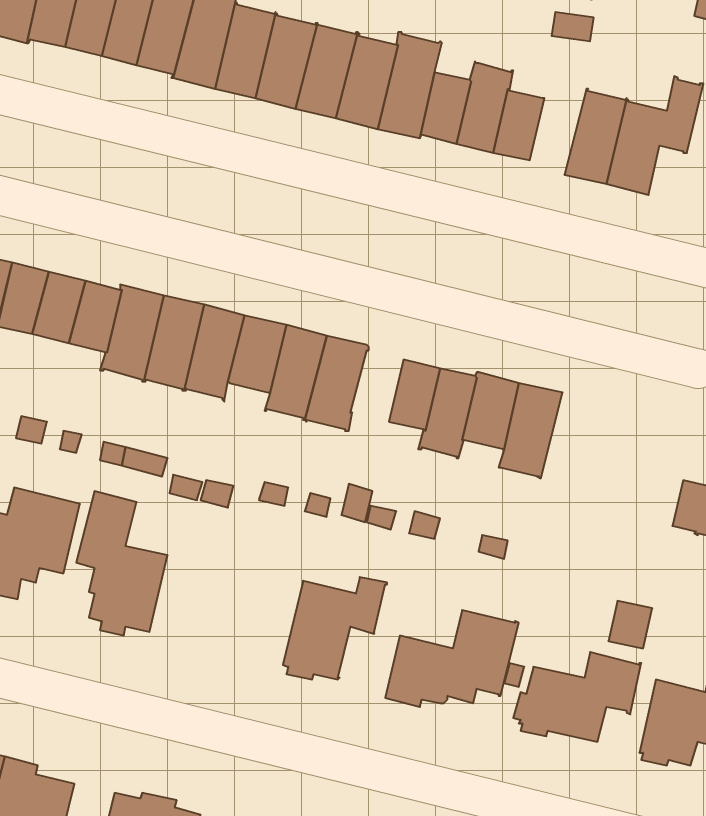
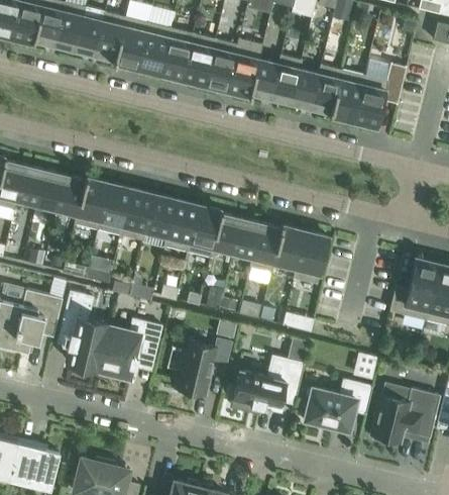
building: none -> [311,65,342,117]
building: none -> [212,214,241,254]
building: none -> [101,319,161,377]

